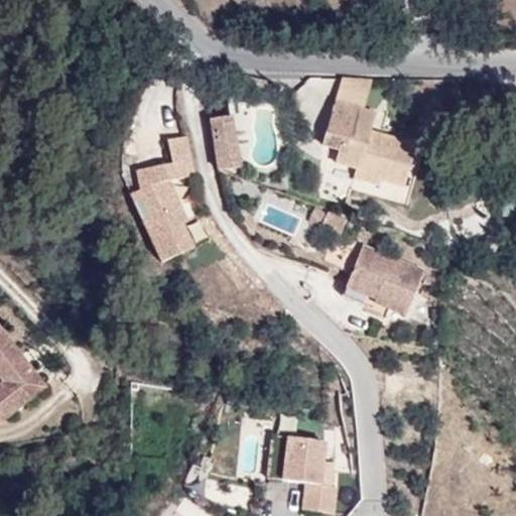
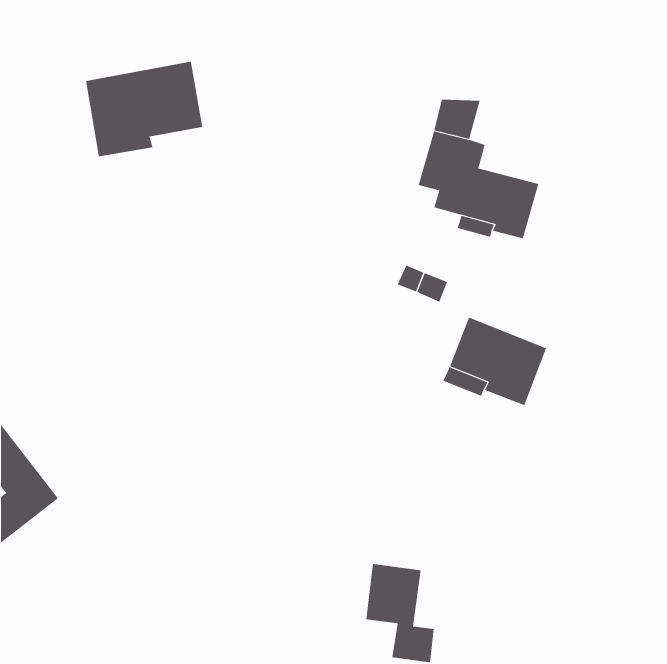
building: none -> [85,61,203,157]
building: [212,115,240,168] -> none
building: [130,135,194,261] -> none

